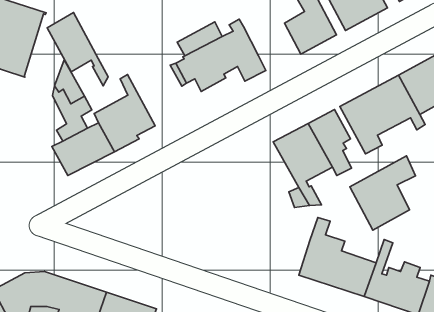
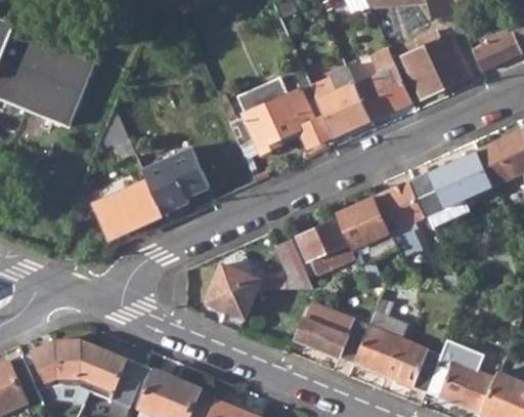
building: none -> [311,67,372,138]
building: [47,12,108,86] -> none
building: none -> [297,219,355,274]
building: [350,156,416,230] -> none
building: none -> [205,241,313,318]
building: none -> [297,300,368,361]

